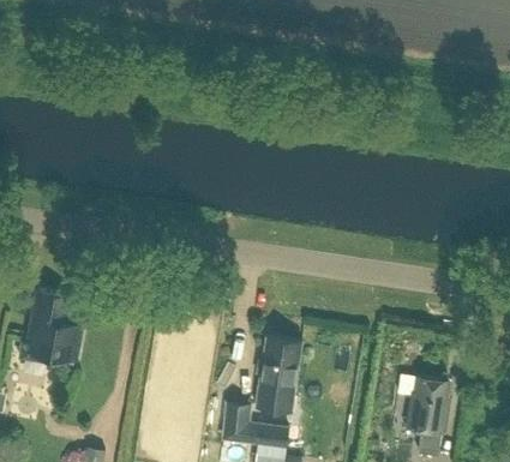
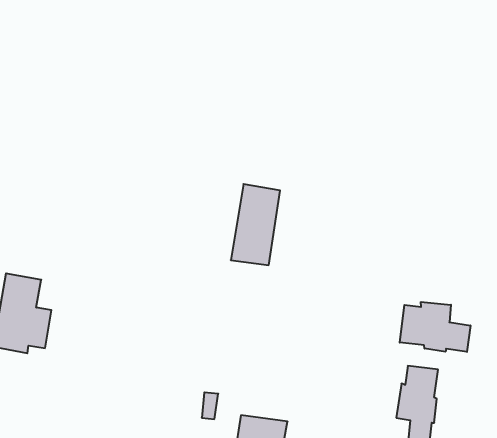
building: none -> [400,302,470,352]
building: [254,337,301,414] -> [231,184,280,265]

